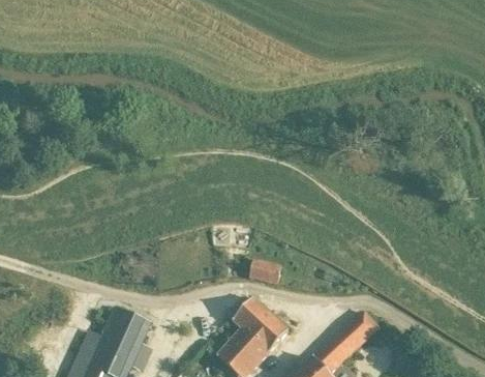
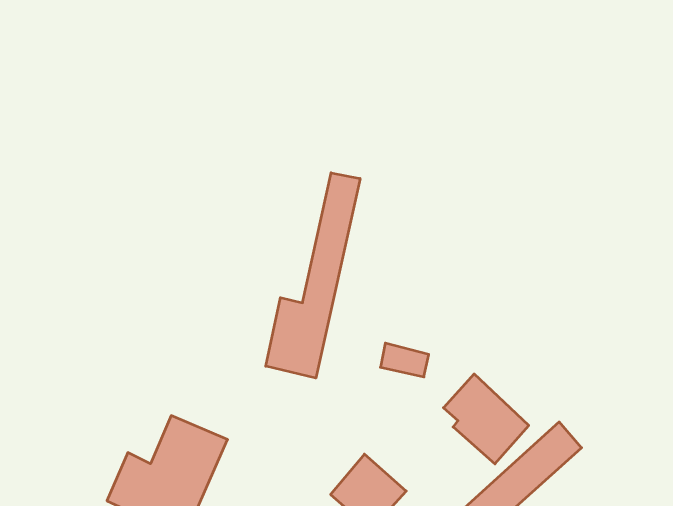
building: none -> [266,173,360,378]
building: [233,297,287,355] -> [443,374,529,464]

